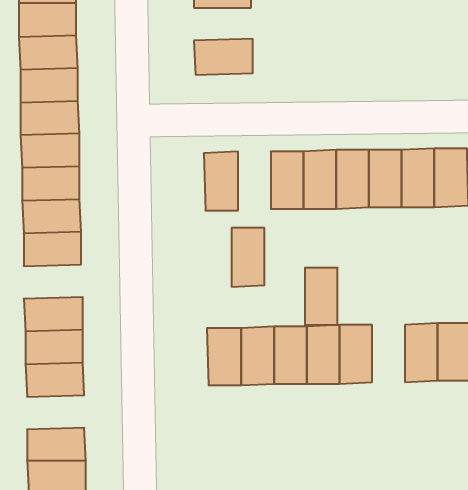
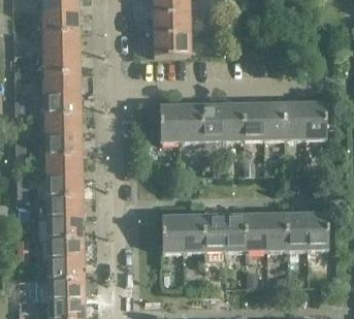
building: none -> [153,13,190,34]
building: [232,228,264,287] -> [181,104,201,141]
building: none -> [45,176,83,197]
building: [305,268,338,325] -> [265,214,286,250]
building: none -> [47,258,84,280]

